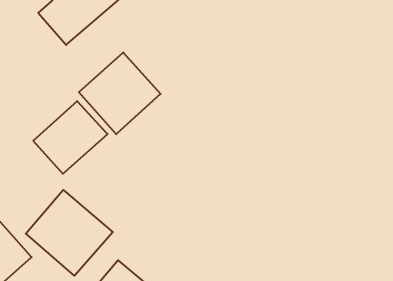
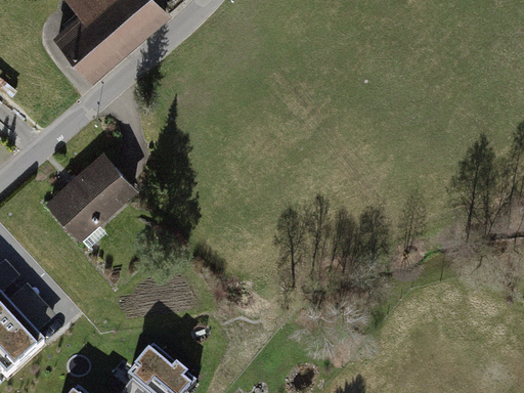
building: [79,52,161,134] -> none
building: [26,190,113,276] -> none

